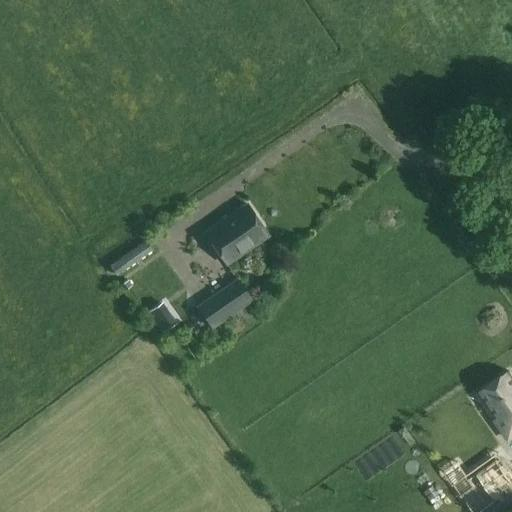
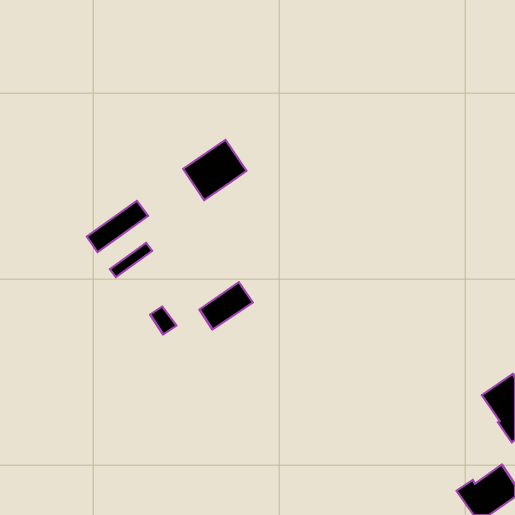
building: none -> [87,201,148,252]
building: [204,204,267,264] -> [183,140,247,200]

